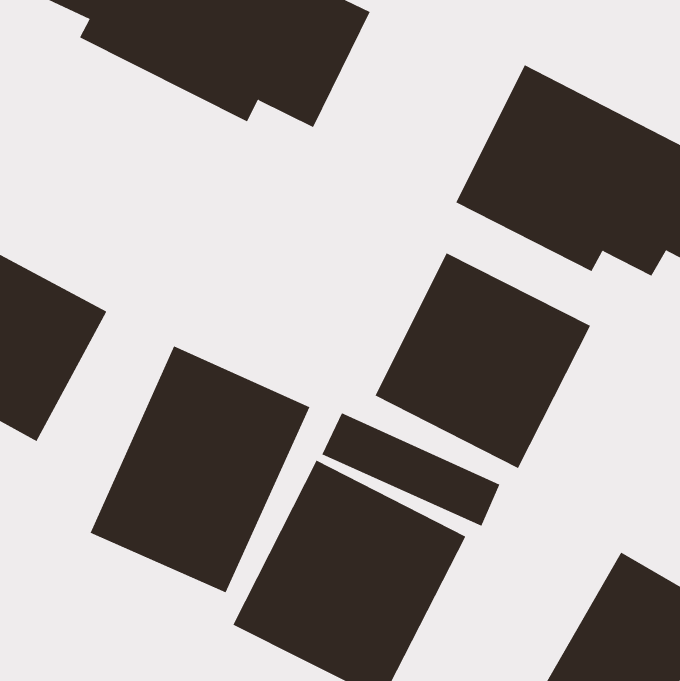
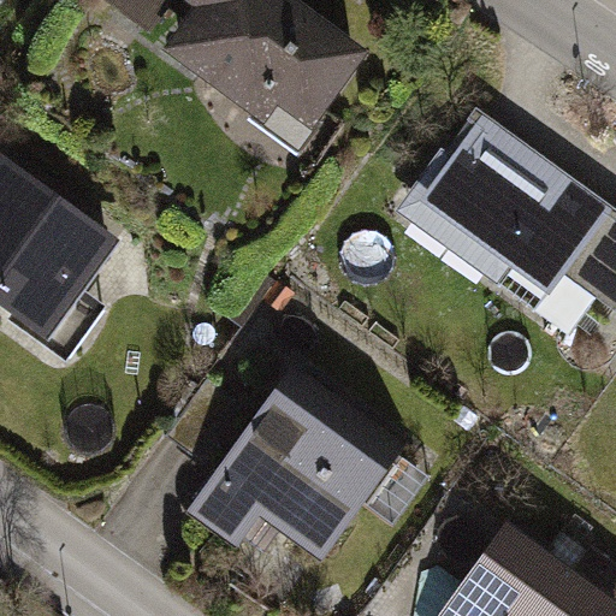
building: [375,253,591,469] -> none
building: [90,346,310,593] -> none

